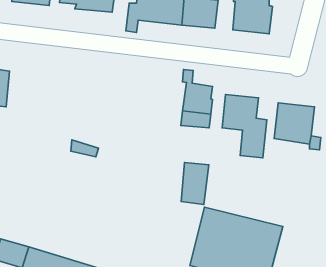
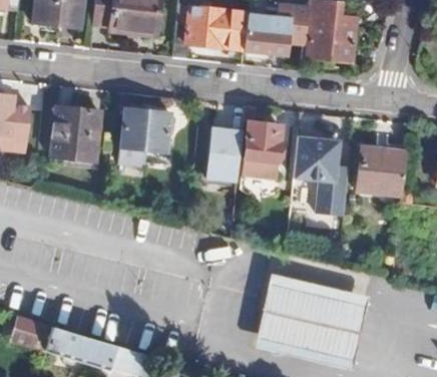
building: none -> [118,108,171,167]
building: none -> [51,109,100,161]
building: [181,163,209,205] -> [209,128,244,180]

